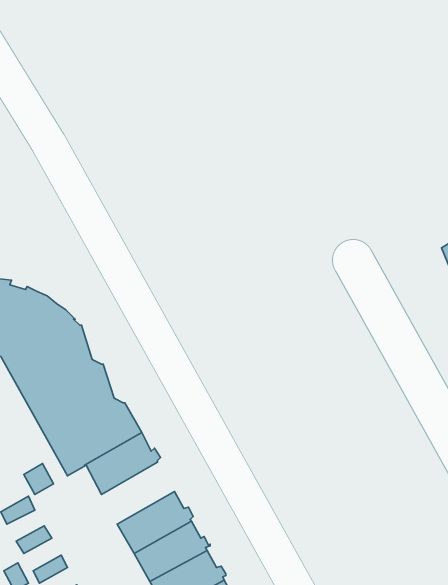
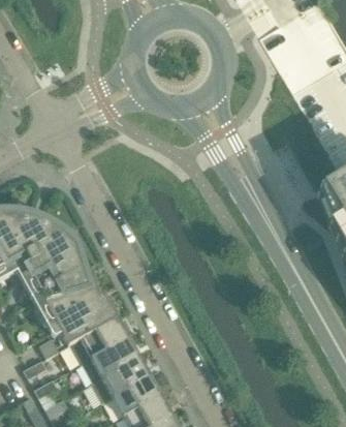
building: none -> [80,333,139,379]

